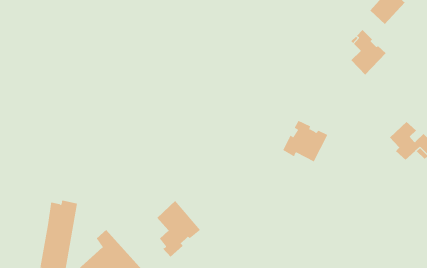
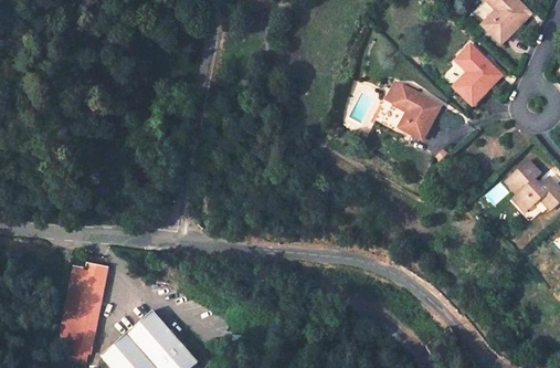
building: [283,120,328,162] -> [385,84,444,138]
building: [156,200,201,258] -> none

